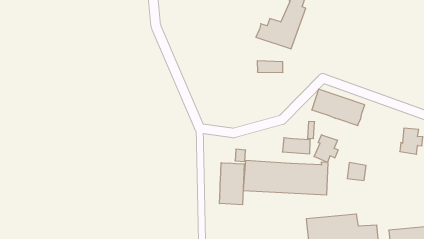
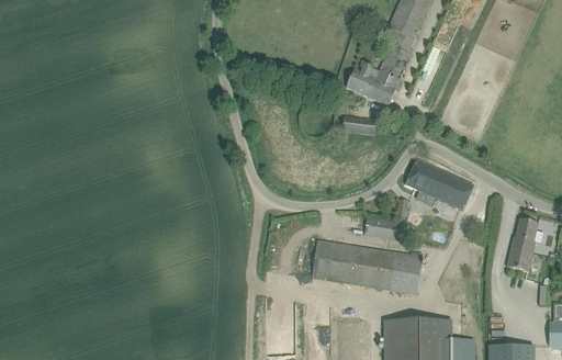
building: [314,135,338,162] -> none
building: [347,163,366,180] -> [507,247,532,271]
building: [220,163,244,205] -> none

